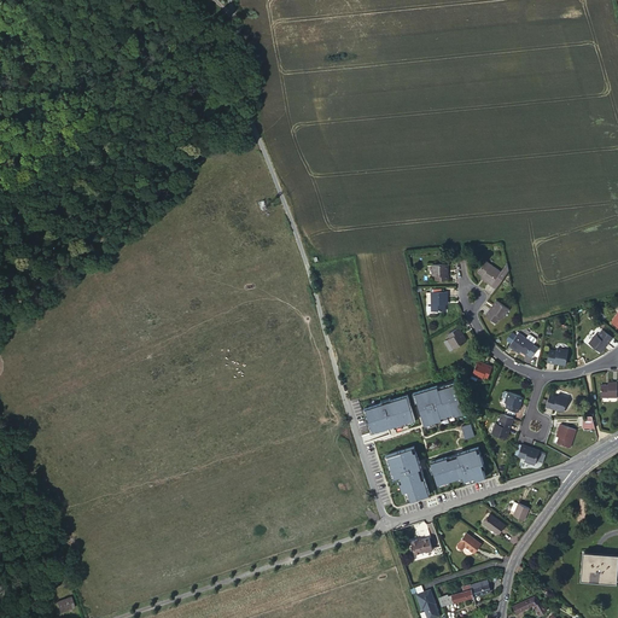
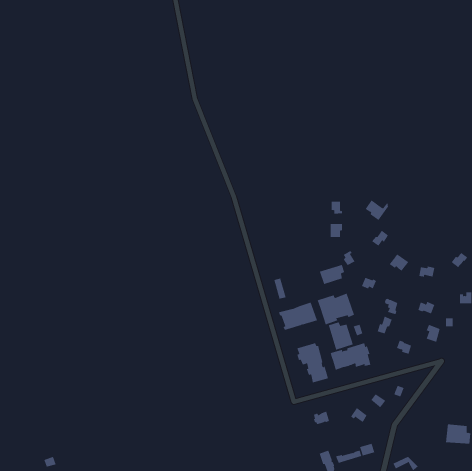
building: none -> [319,264,345,285]
building: none -> [328,322,354,351]

